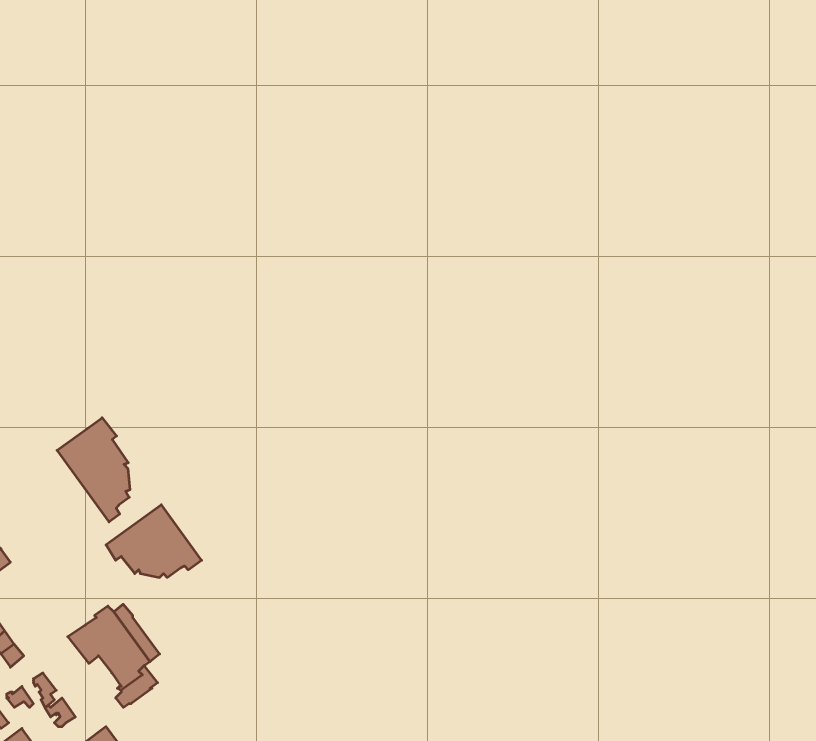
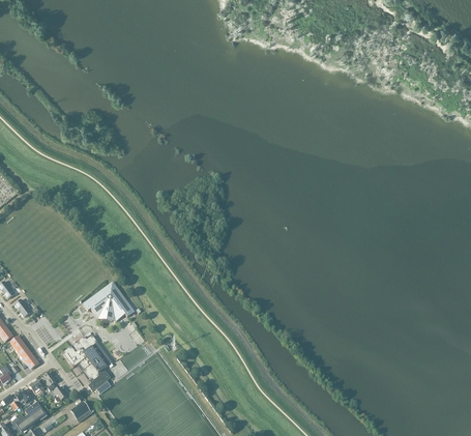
building: [57,418,130,522] -> none

